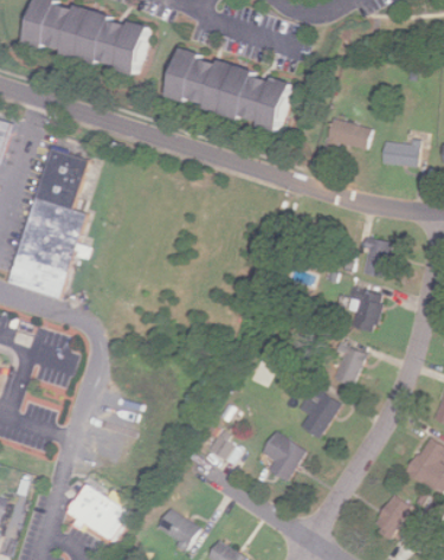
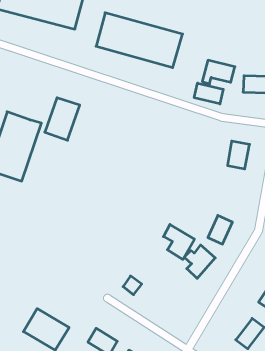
building: [39,144,90,206] -> [45,98,80,140]
building: none -> [194,83,223,104]
building: [345,288,381,332] -> none
building: [257,431,302,482] -> [163,224,194,259]

